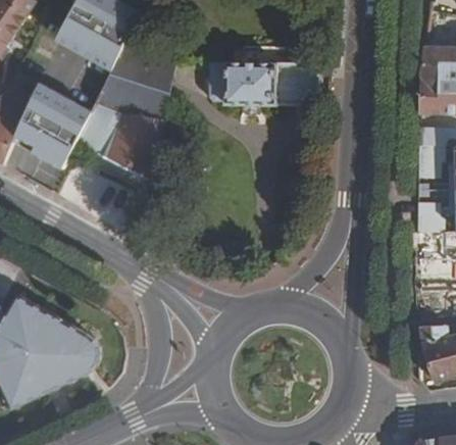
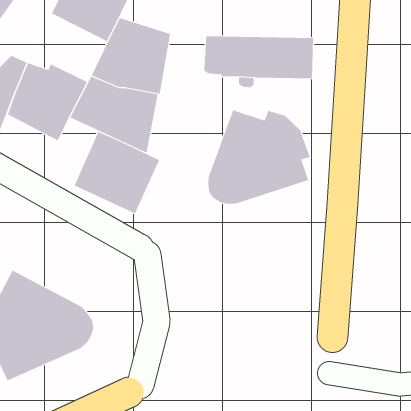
building: none -> [208,109,310,204]
building: none -> [74,131,160,214]

